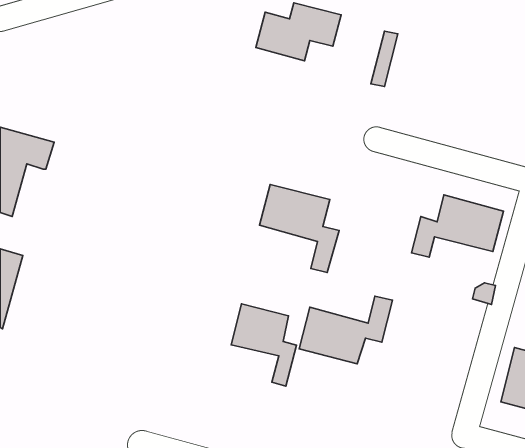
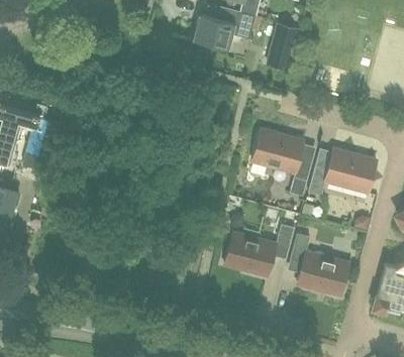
building: [259,185,339,273] -> [251,129,311,195]
building: [231,304,296,386] -> none
building: none -> [290,233,349,293]

